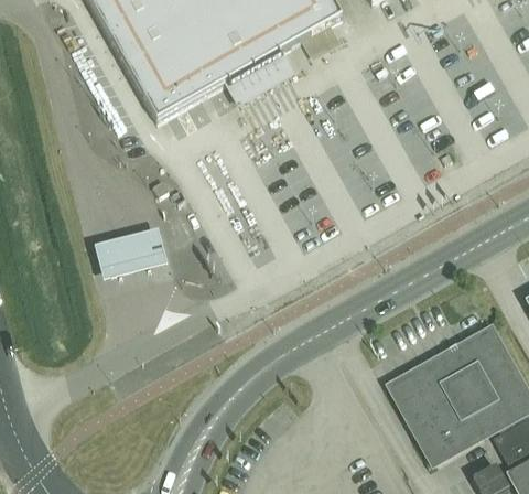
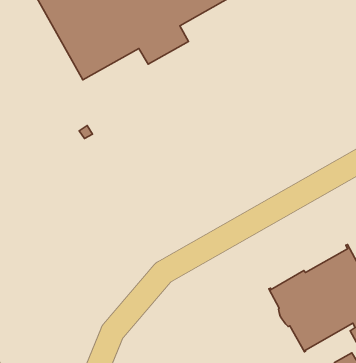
building: [93,224,165,272] -> none

